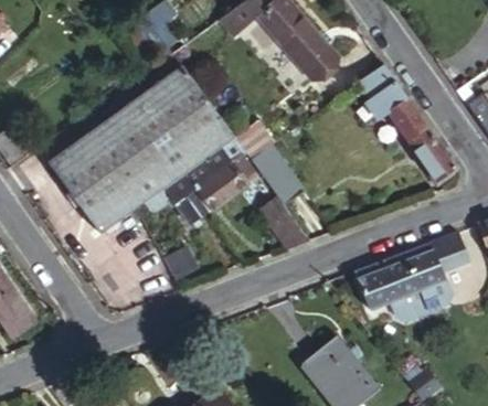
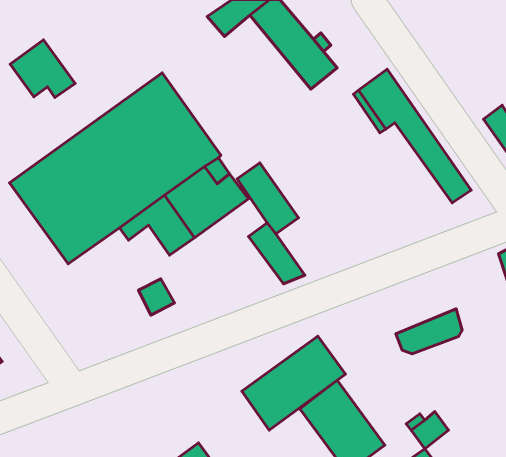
building: none -> [10,40,75,98]
building: [359,232,467,303] -> none
building: none -> [242,336,346,430]

